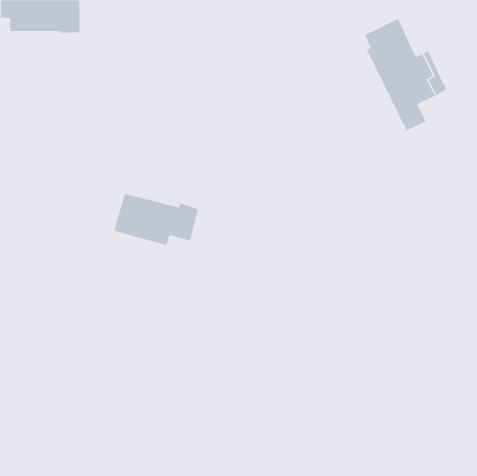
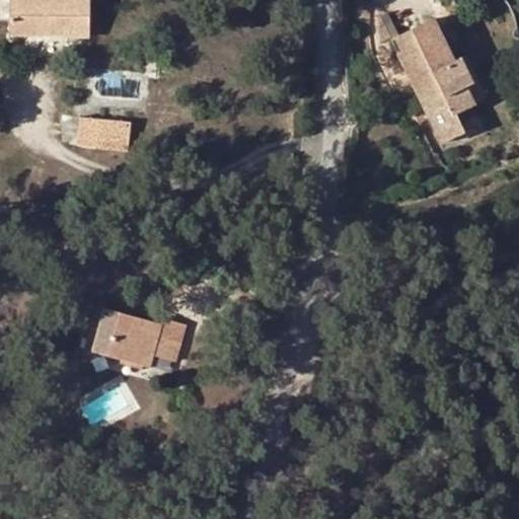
building: none -> [78,119,131,151]
building: [113,193,199,246] -> [91,309,184,367]

